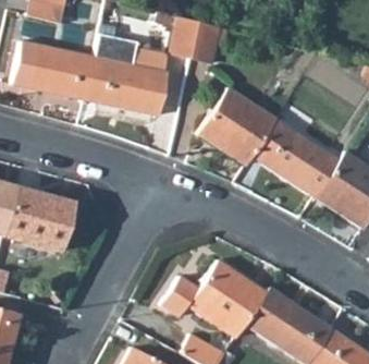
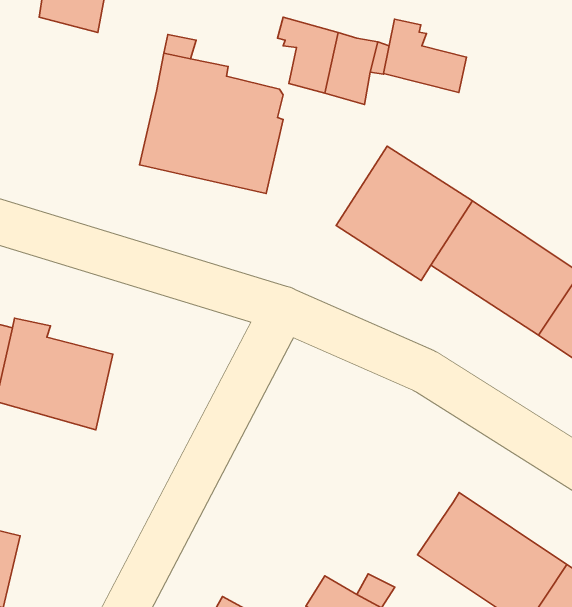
building: none -> [384,19,466,92]
building: [14,41,97,99] -> none
building: [163,260,268,337] -> none

